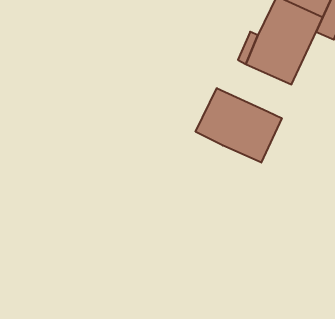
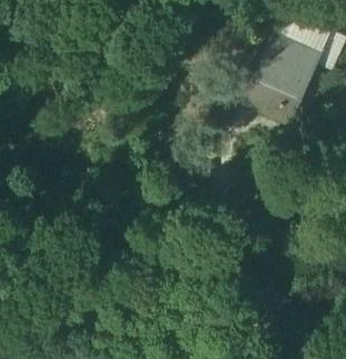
building: [196,88,282,163] -> none

